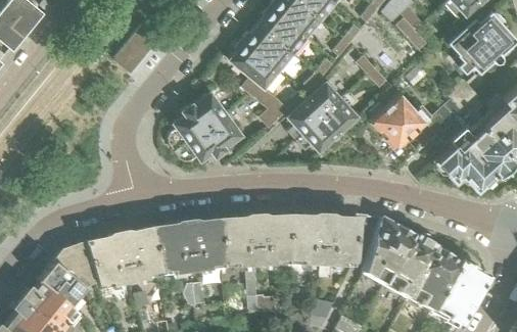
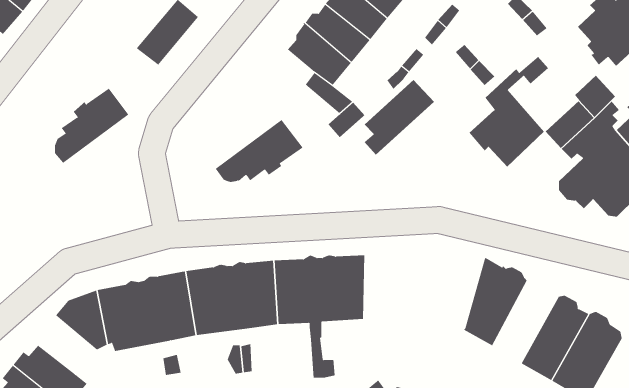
building: [169,91,226,149] -> [54,88,129,164]
building: [297,98,358,149] -> none
building: [288,214,369,267] -> none
building: [386,233,436,297] -> none
building: [37,260,85,305] -> none

